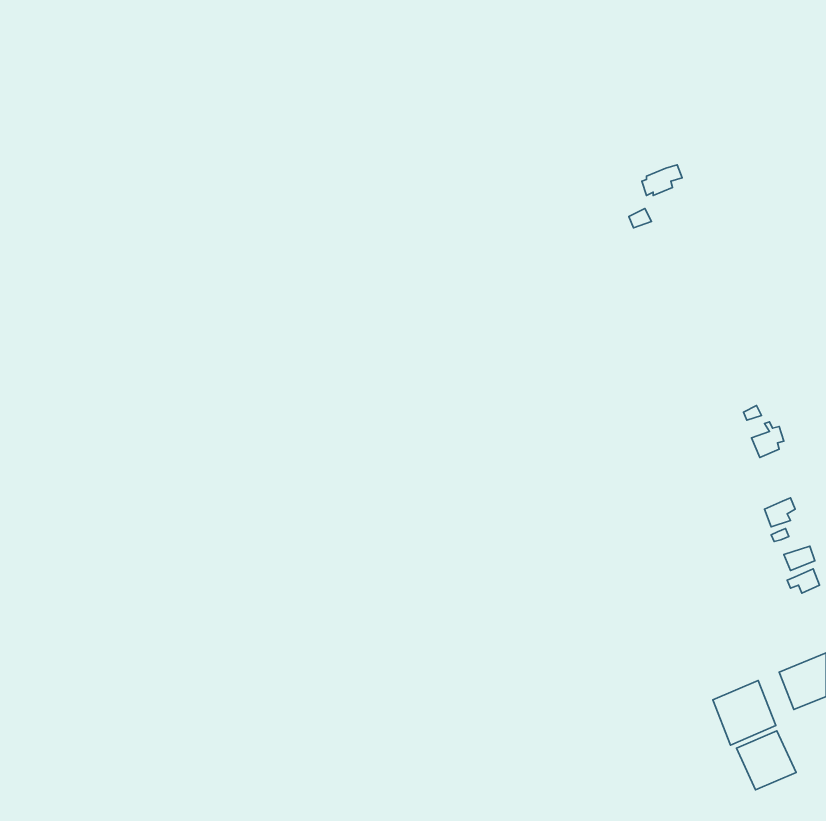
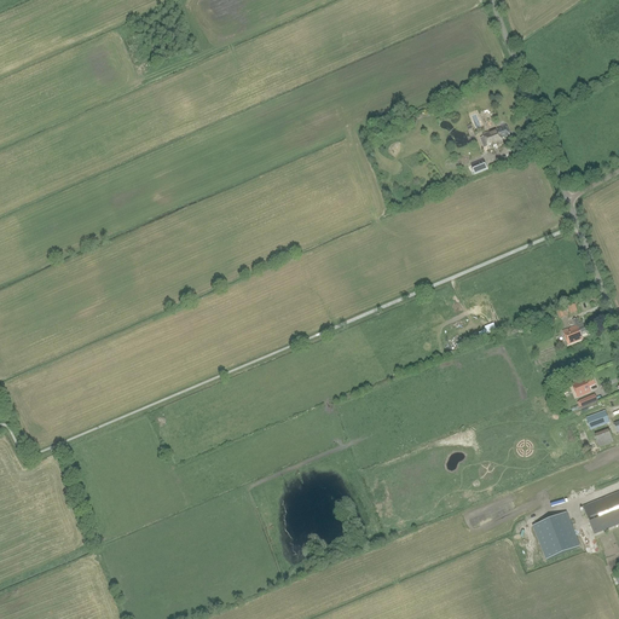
building: [736,731,796,790] -> none

